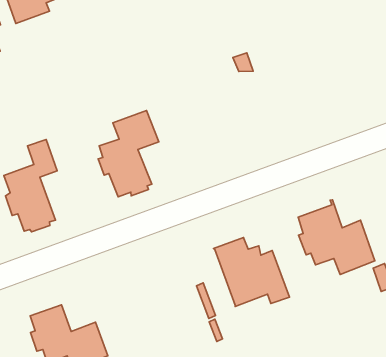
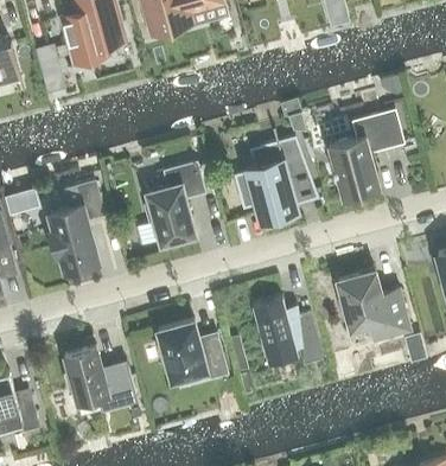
building: none -> [330,111,403,199]
building: none -> [236,129,317,222]
building: none -> [157,320,228,382]

